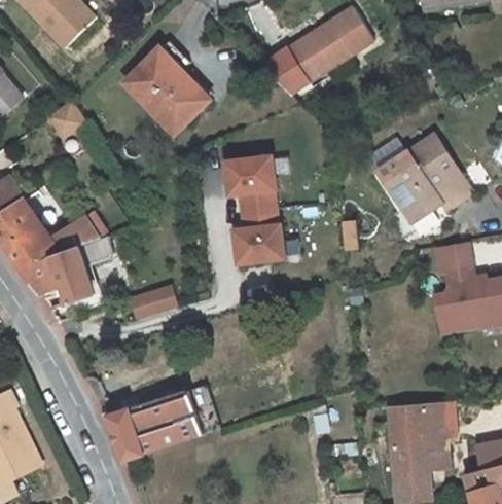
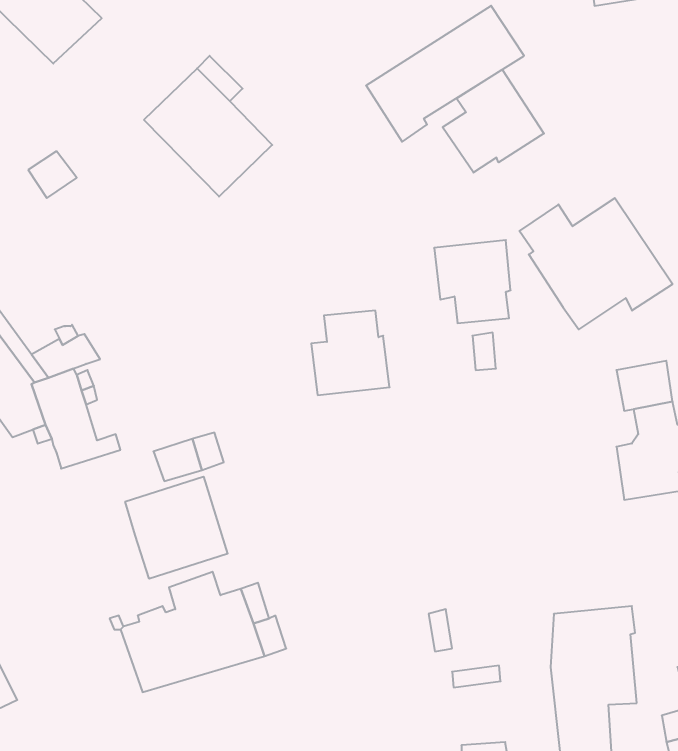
building: none -> [443,70,544,173]
building: [226,156,277,211] -> [434,240,511,323]
building: none -> [125,477,228,579]

